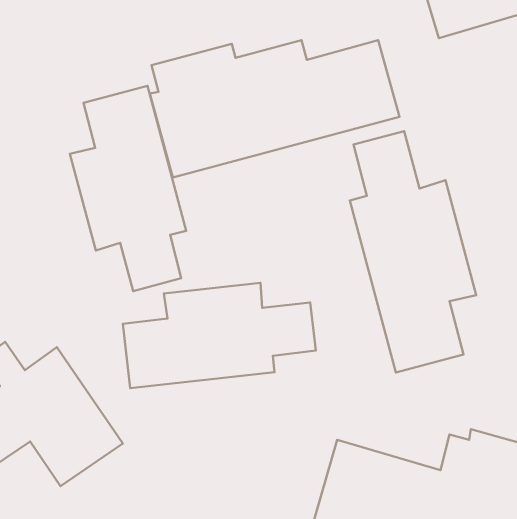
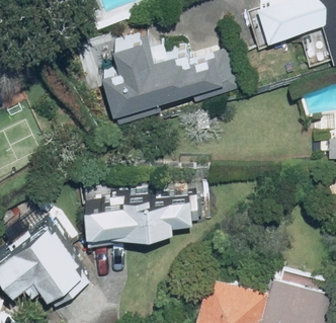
building: [70,86,186,291] -> none
building: [350,131,476,373] -> none

